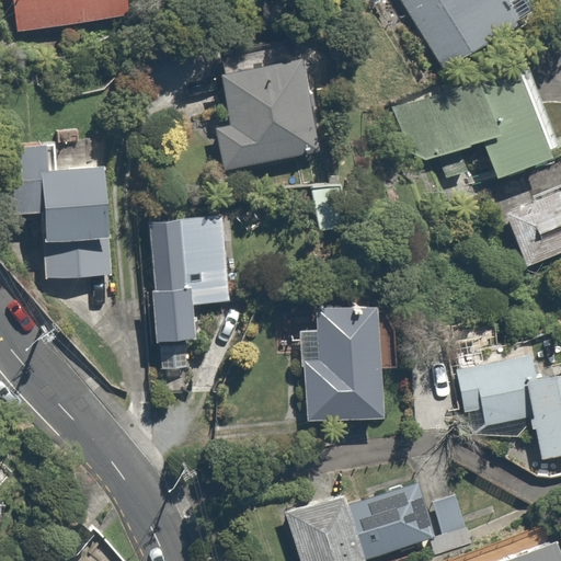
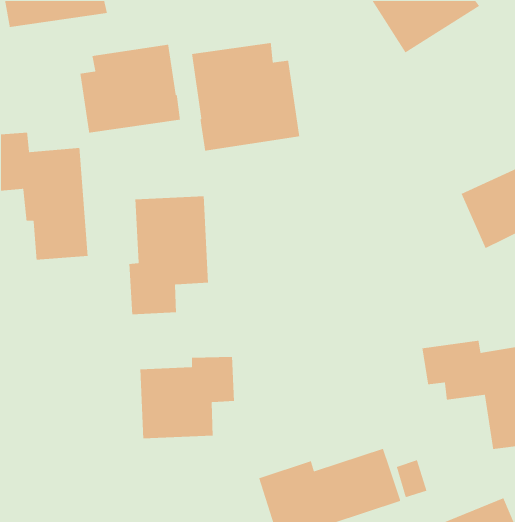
building: none -> [80,44,181,133]
building: [403,64,547,184] -> none
building: [304,305,382,419] -> none
building: none -> [139,356,235,439]

